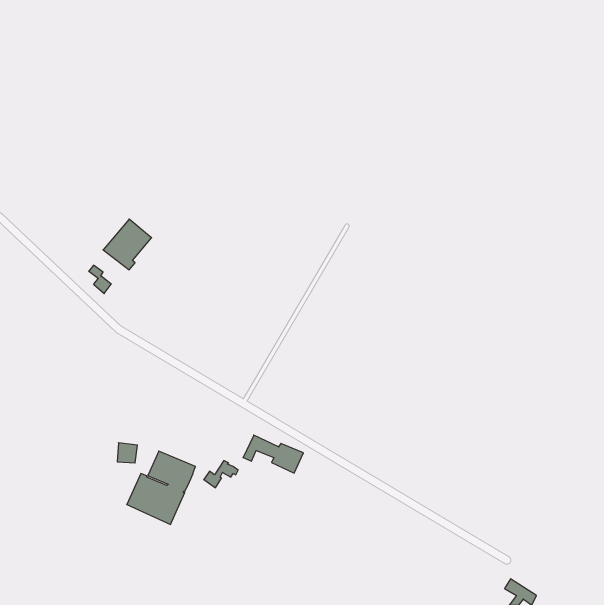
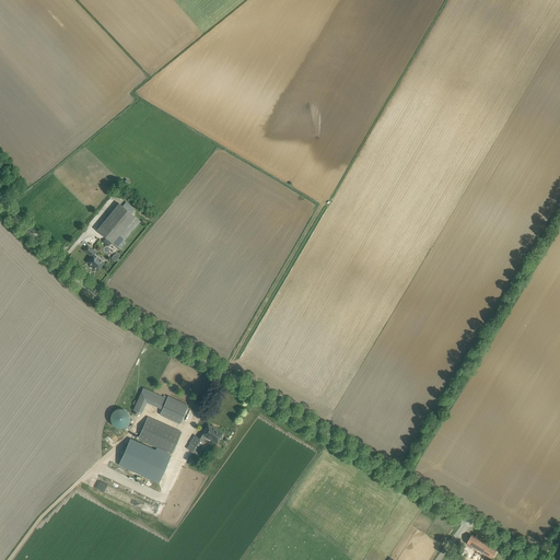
building: [243,435,303,473] -> [132,388,188,423]

